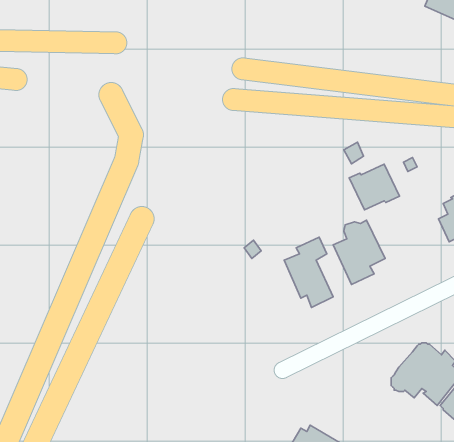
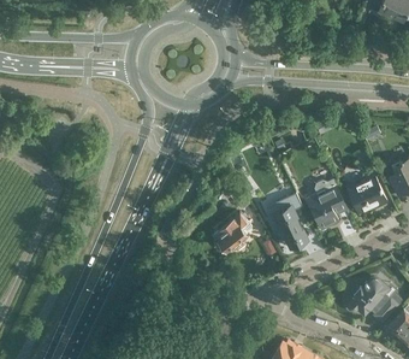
building: [349,164,400,210] -> [346,176,386,212]
building: none -> [211,212,251,249]

